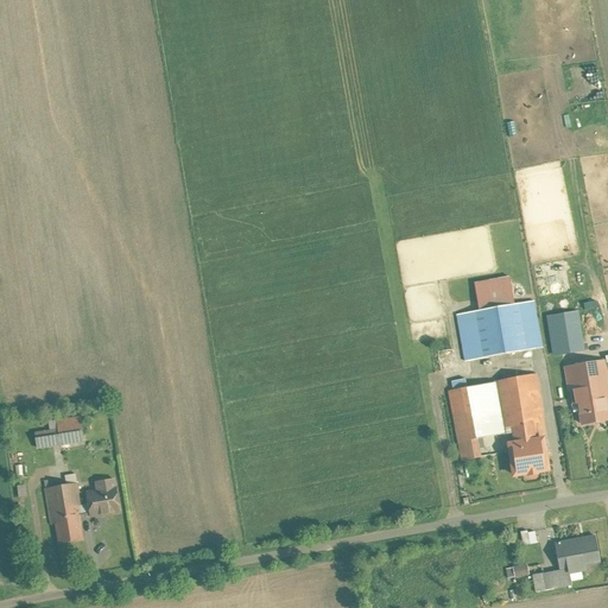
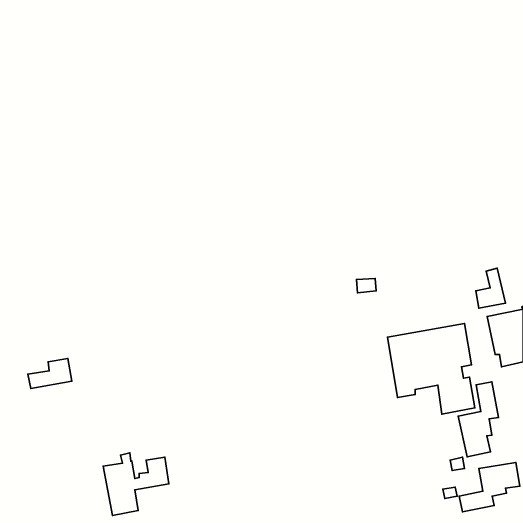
building: [458,277,539,356] -> none
building: none -> [458,382,499,457]
building: [44,473,120,545] -> [103,453,169,516]

